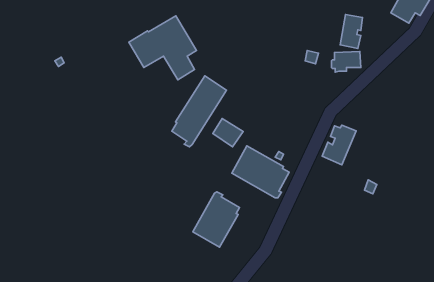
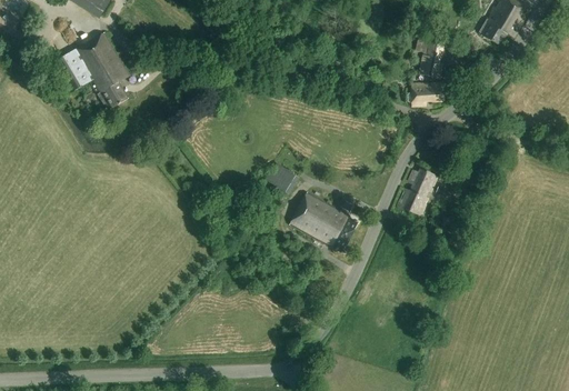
building: [129,16,196,80] -> [50,32,130,108]
building: [172,76,227,147] -> none
building: [193,192,240,247] -> none

